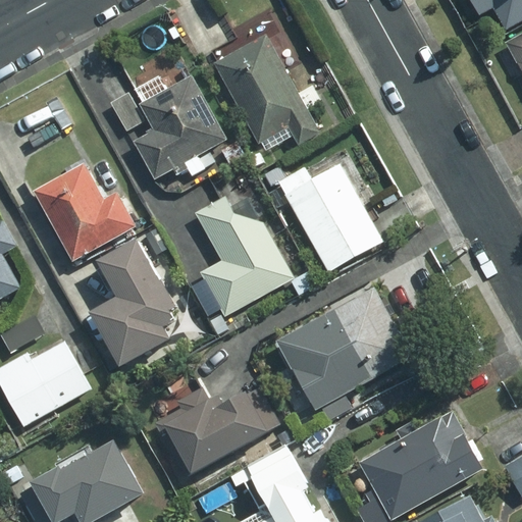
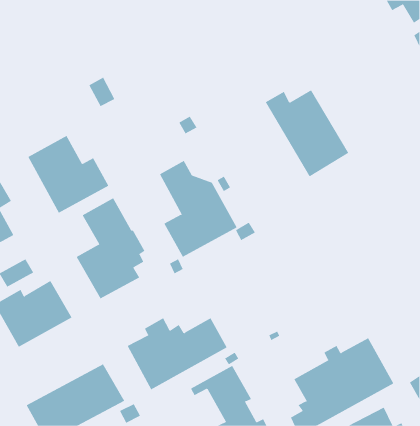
building: [214,36,319,151] -> none
building: [132,76,225,178] -> none
building: [277,161,380,268] -> [265,90,349,177]
building: [277,290,411,409] -> none

